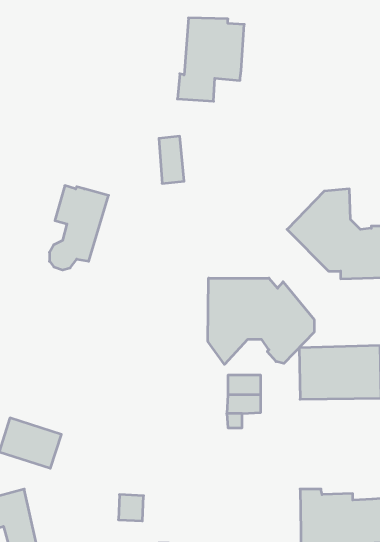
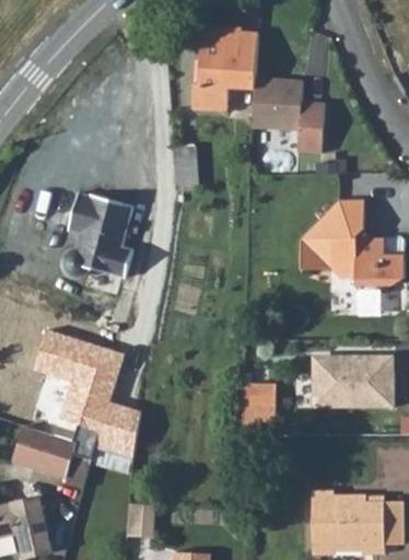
building: none -> [250,79,324,152]
building: none -> [102,203,132,276]
building: [208,278,314,364] -> none
building: none -> [37,331,145,459]

